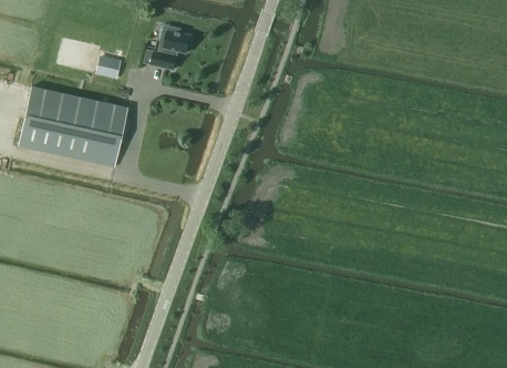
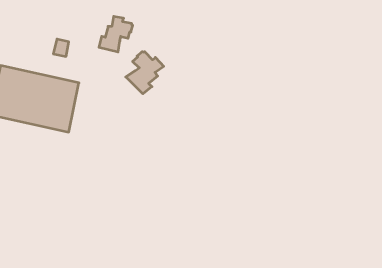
building: none -> [126,52,164,94]

